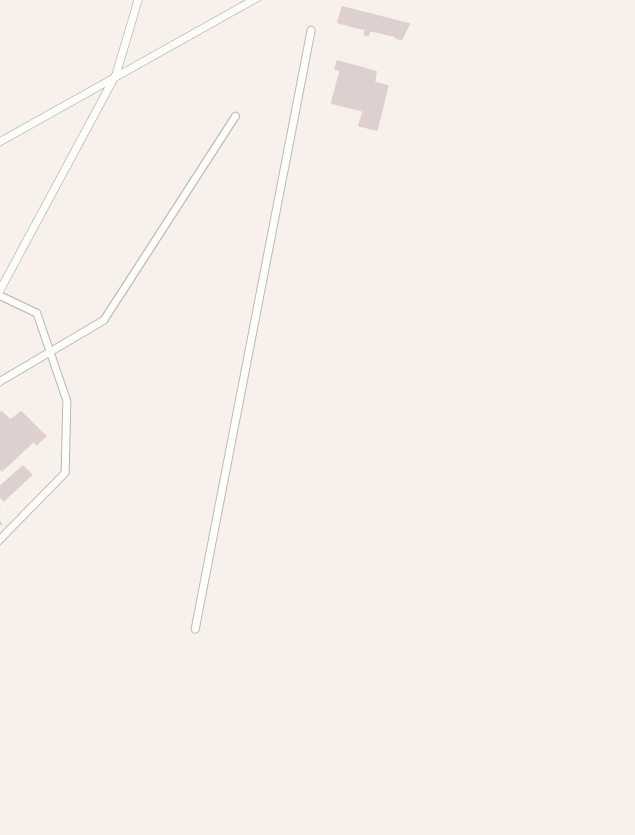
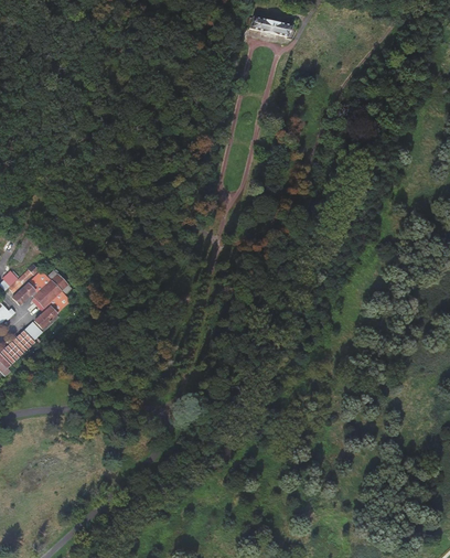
building: [330,59,390,132] -> none

